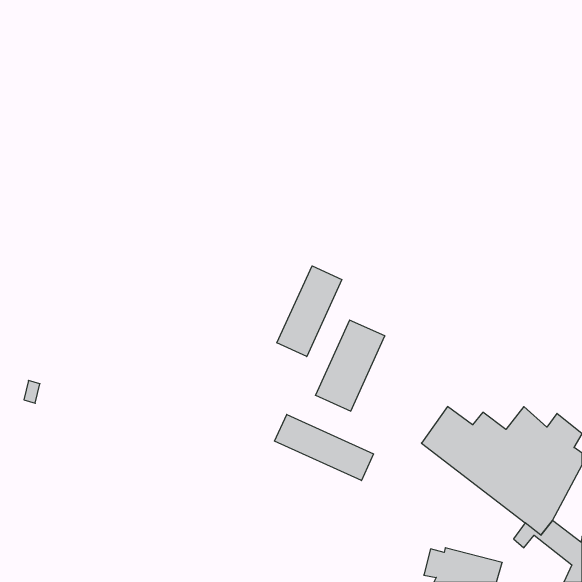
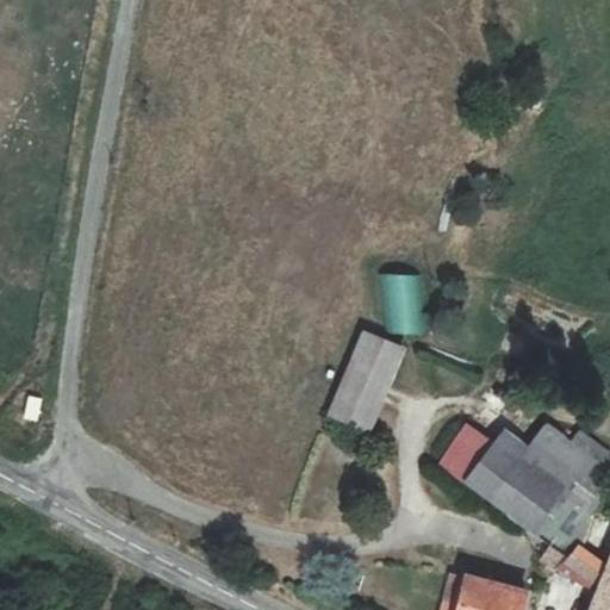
building: [277,266,342,357] -> none
building: [274,414,374,481] -> none

